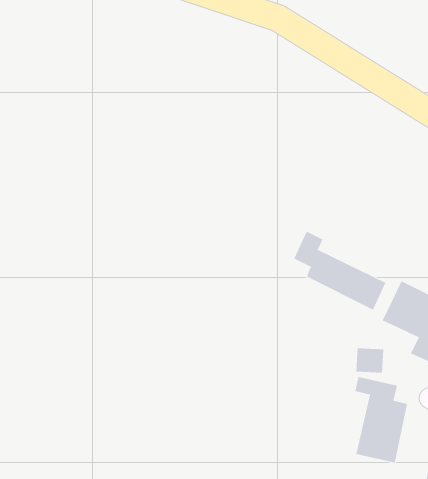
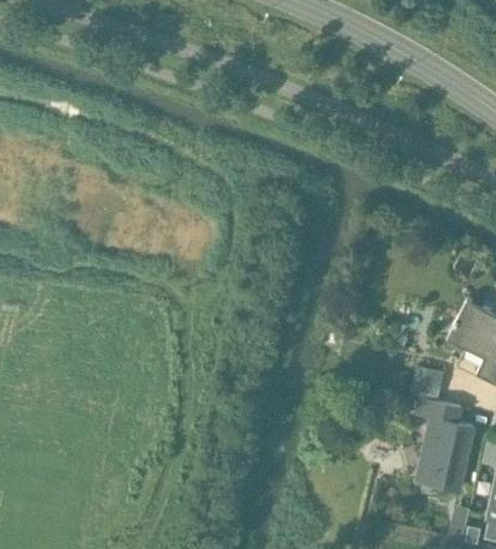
building: [293,231,386,310] -> none

